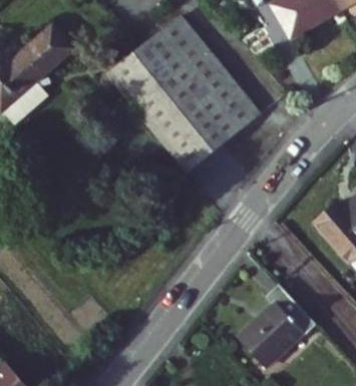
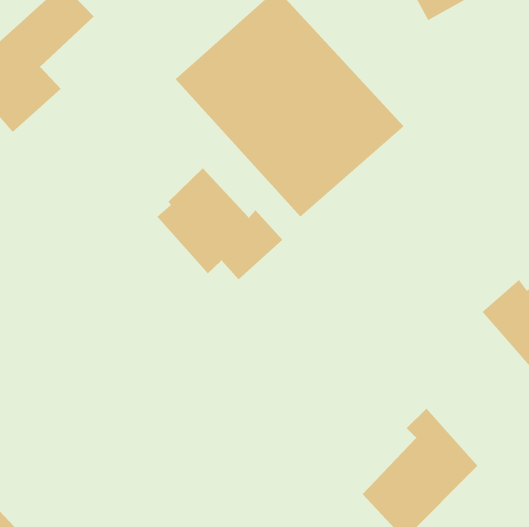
building: none -> [156,168,283,280]

